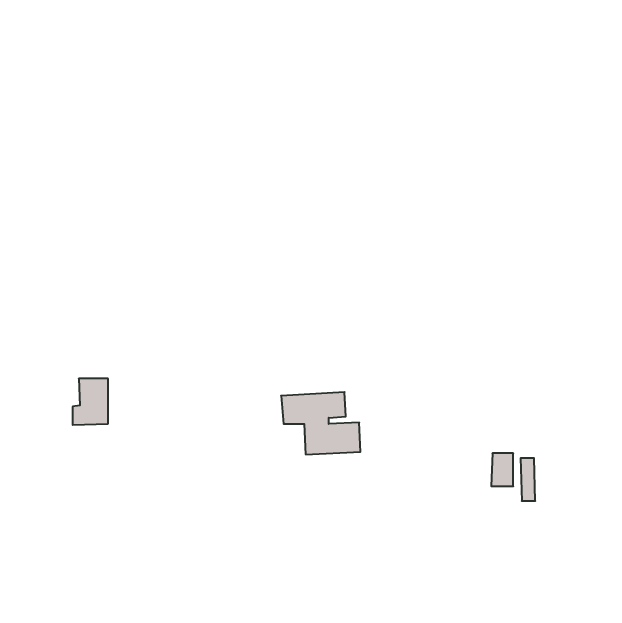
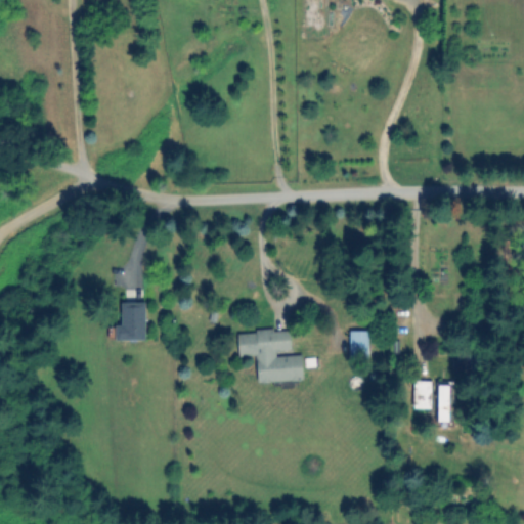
building: [73,379,108,425] -> [117,302,146,341]
building: none -> [349,331,369,357]

